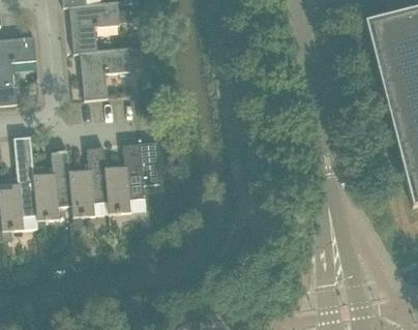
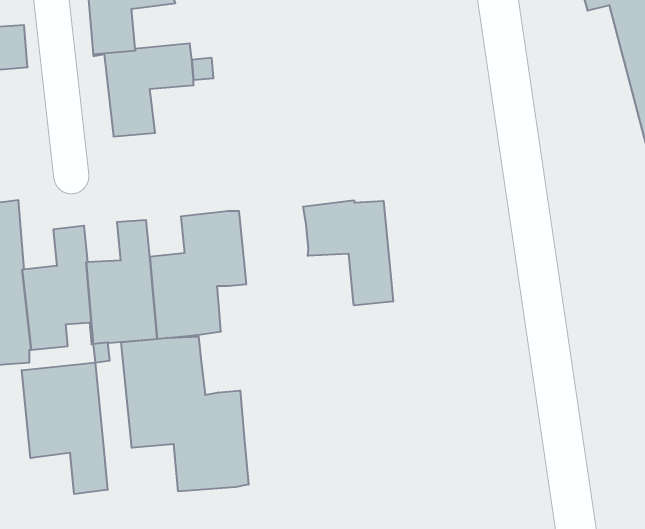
building: none -> [303,200,393,305]
building: none -> [121,336,249,491]
building: none -> [22,362,107,494]

